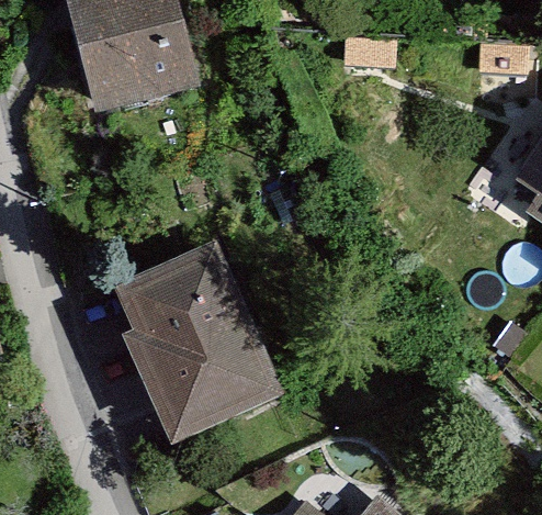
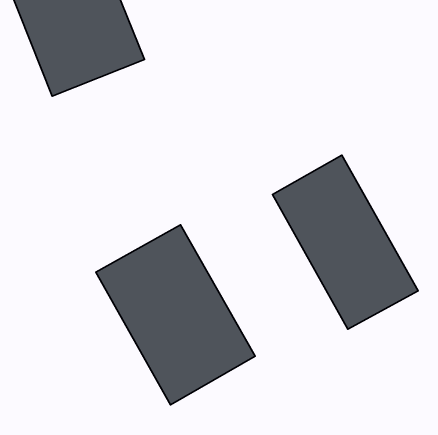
building: none -> [272,155,418,329]

